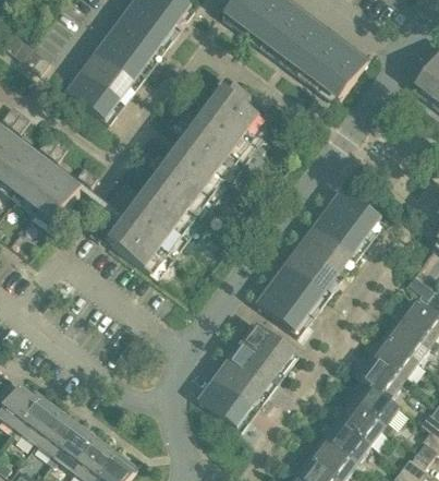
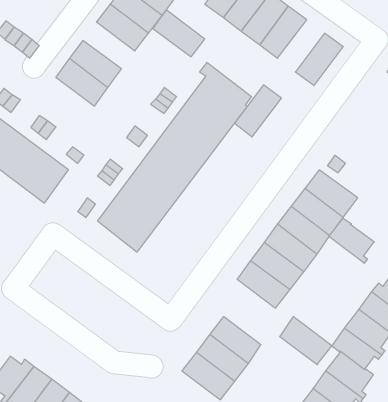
building: [298,31,347,85] -> [234,85,281,137]
building: [95,33,149,82] -> [153,10,205,57]
building: none -> [329,218,374,263]
building: [242,321,296,371] -> [280,317,332,365]

